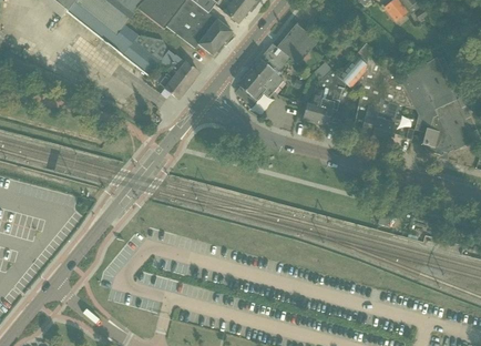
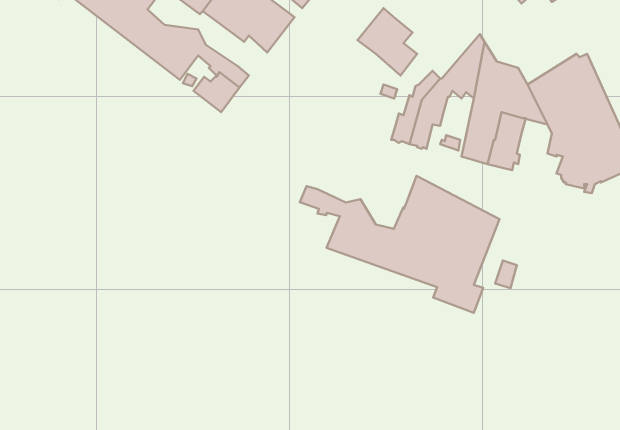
building: [239,43,290,101] -> none
building: none -> [300,176,499,313]

